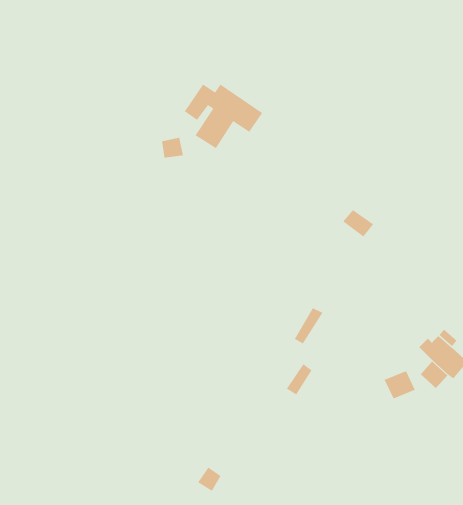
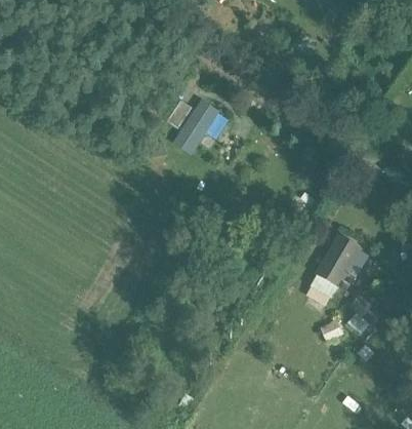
building: none -> [311,238,360,297]

